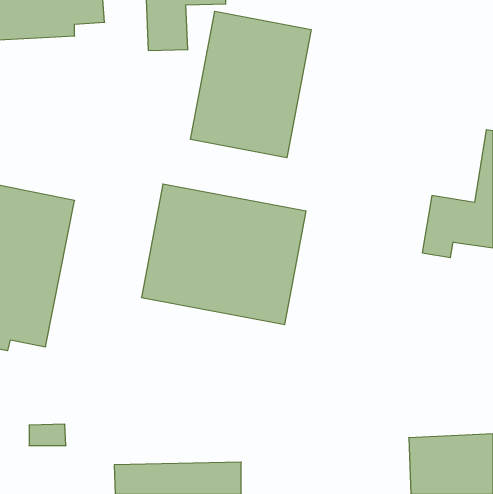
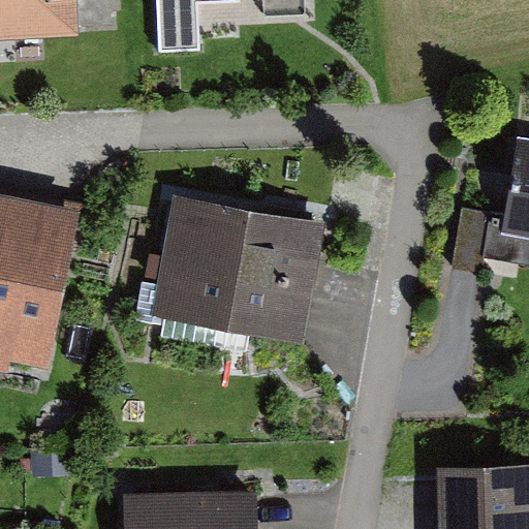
building: [191,11,311,158] -> none

